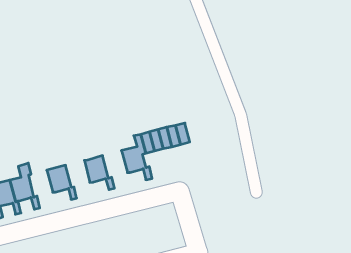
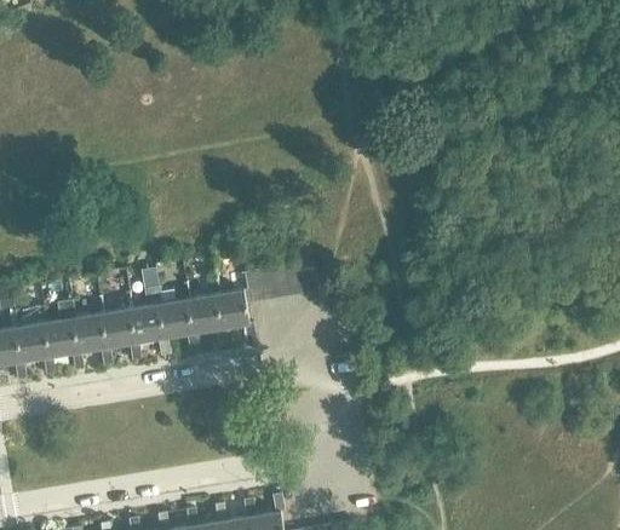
building: none -> [126,288,168,357]
building: none -> [183,295,225,347]
building: none -> [69,315,110,367]

